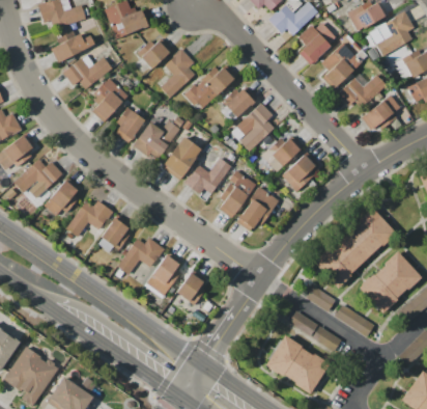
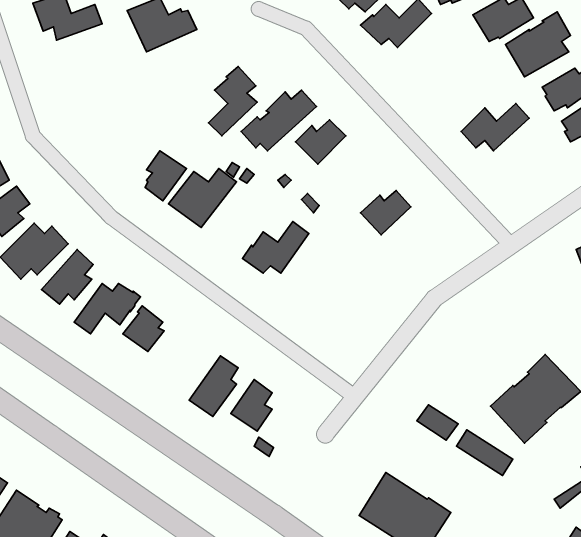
building: [298,24,331,64] -> none
building: [51,34,94,62] -> none
building: [137,38,172,69] -> none
building: [321,43,362,89] -> none
building: [62,57,112,89] -> none
building: [92,78,127,121] -> none
building: [362,94,401,130] -> none
building: [231,104,274,151] -> none
building: [162,137,201,180] -> none
building: [282,152,318,191] -> none
building: [219,170,255,218] -> none
building: [235,187,278,231] -> none
building: [313,208,396,288] -> none
building: [118,238,165,274] -> none

